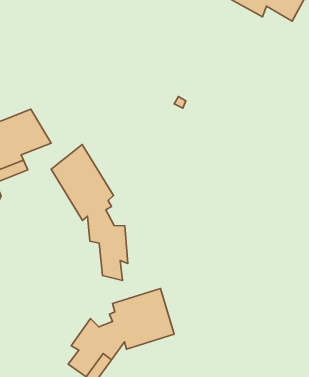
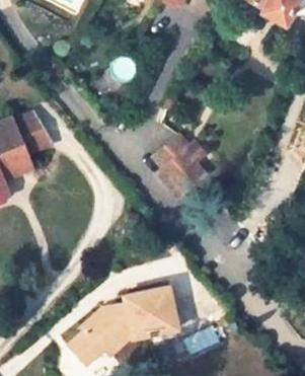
building: none -> [156,133,205,193]
building: [51,144,128,280] -> none

